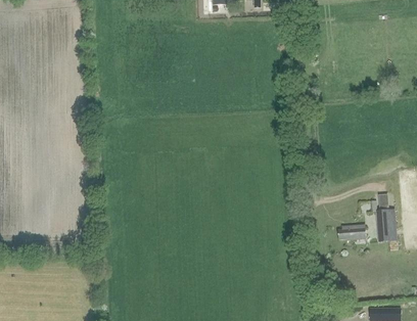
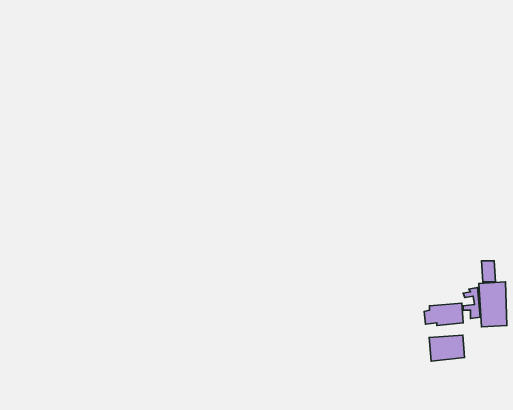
building: none -> [429,335,465,361]

